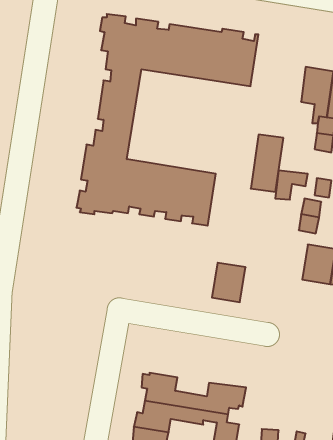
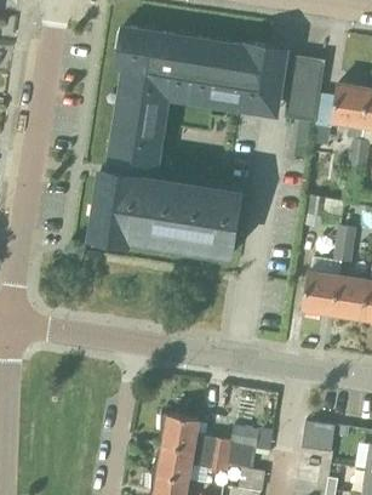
building: [251,135,283,192] -> [288,57,324,119]
building: [212,263,246,302] -> [305,271,342,313]
building: none -> [303,420,337,451]

